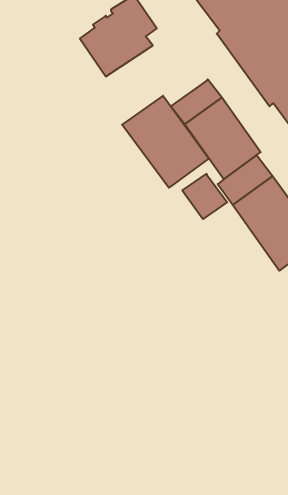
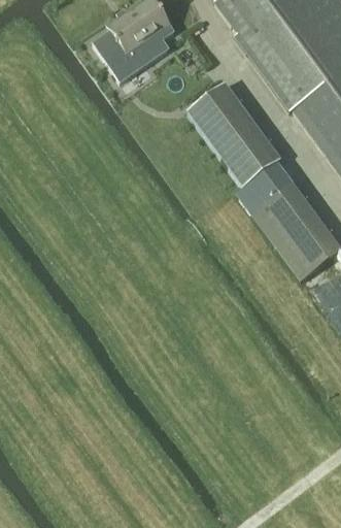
building: [122,96,209,188] -> none
building: [182,174,227,219] -> none

